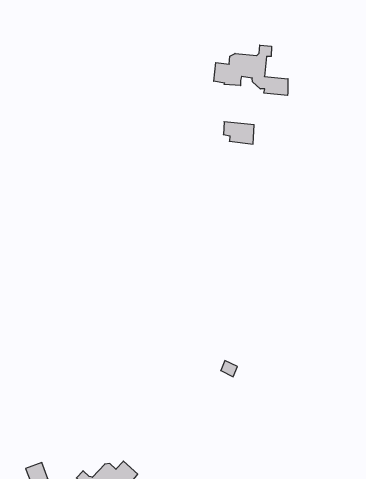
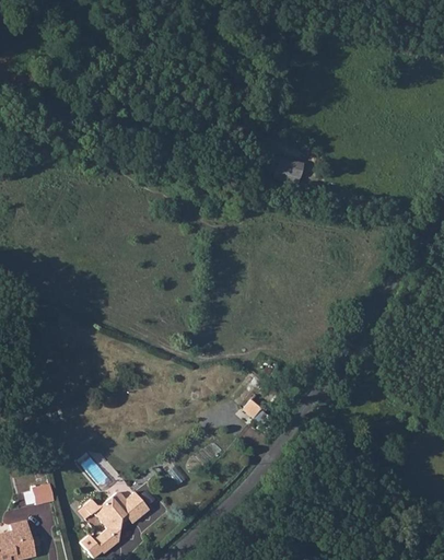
building: [214,45,288,95] -> none

